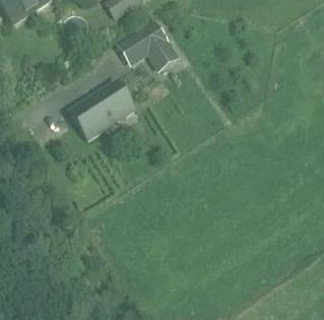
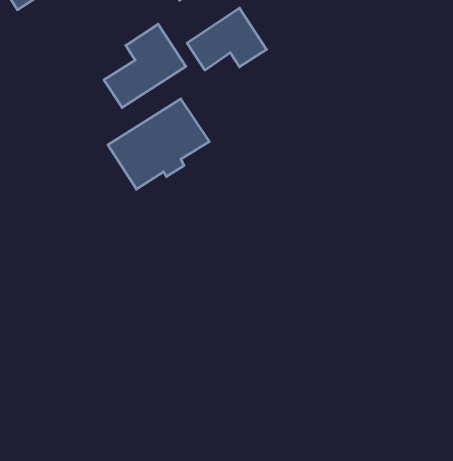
building: none -> [104,24,186,108]

